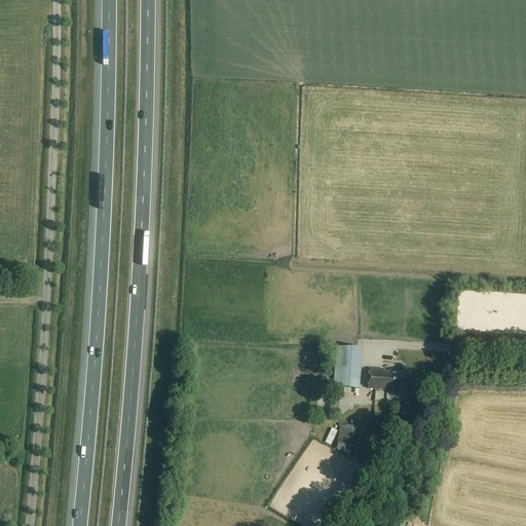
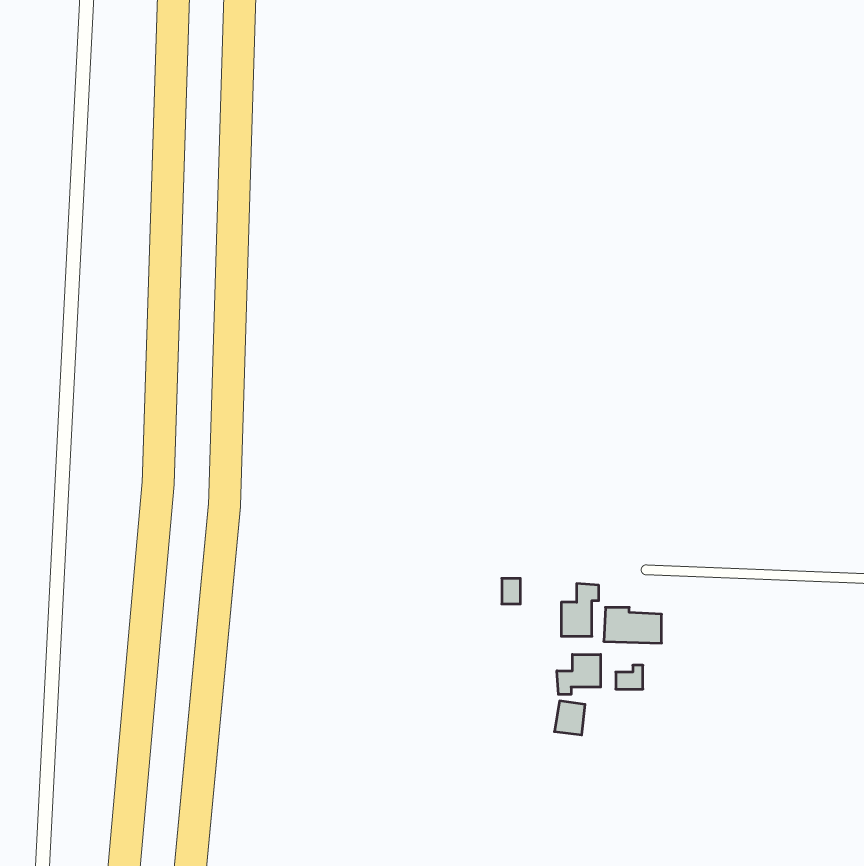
building: none -> [557,654,601,694]

